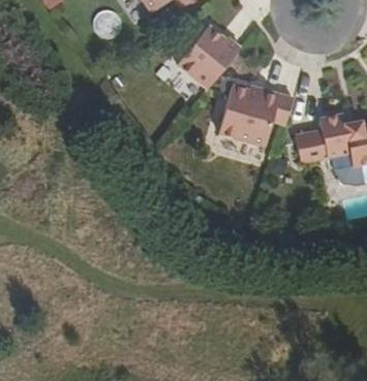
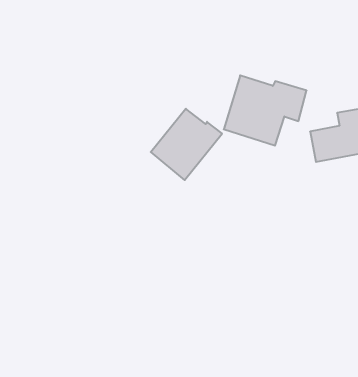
building: [178,25,241,88] -> [151,109,222,180]

